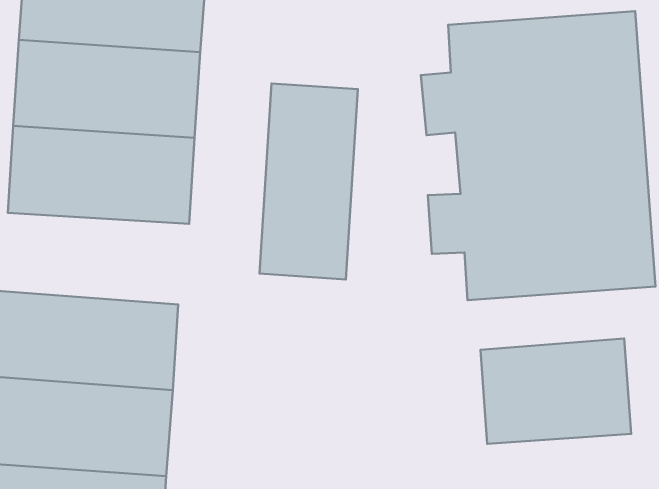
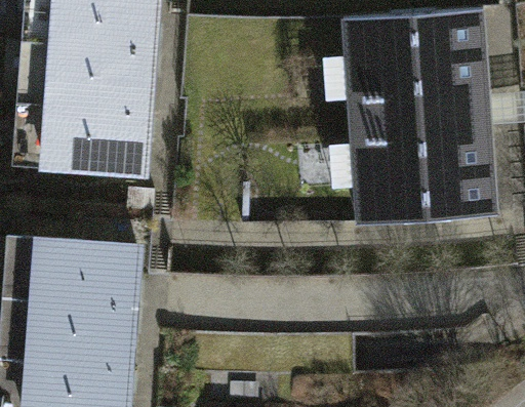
building: [259,83,358,279] -> none
building: [480,338,631,444] -> none

